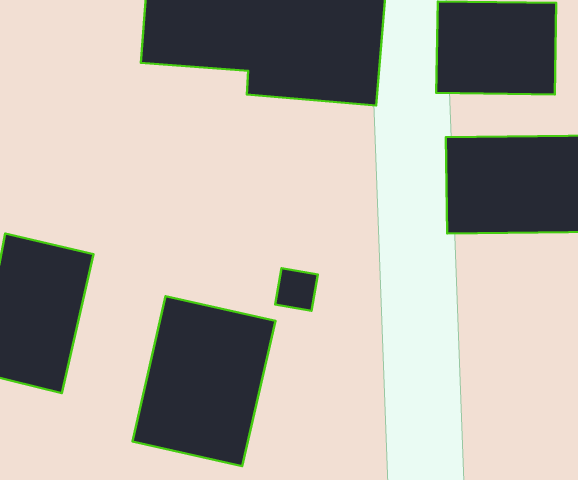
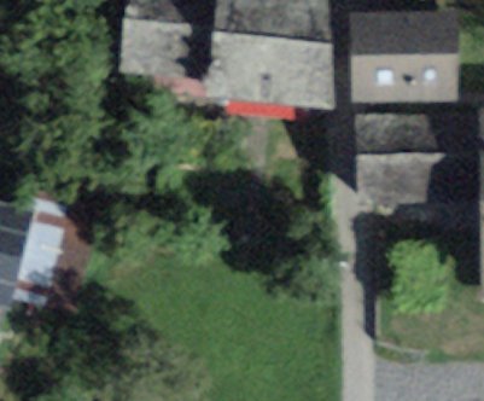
building: [132,296,275,466] -> none

